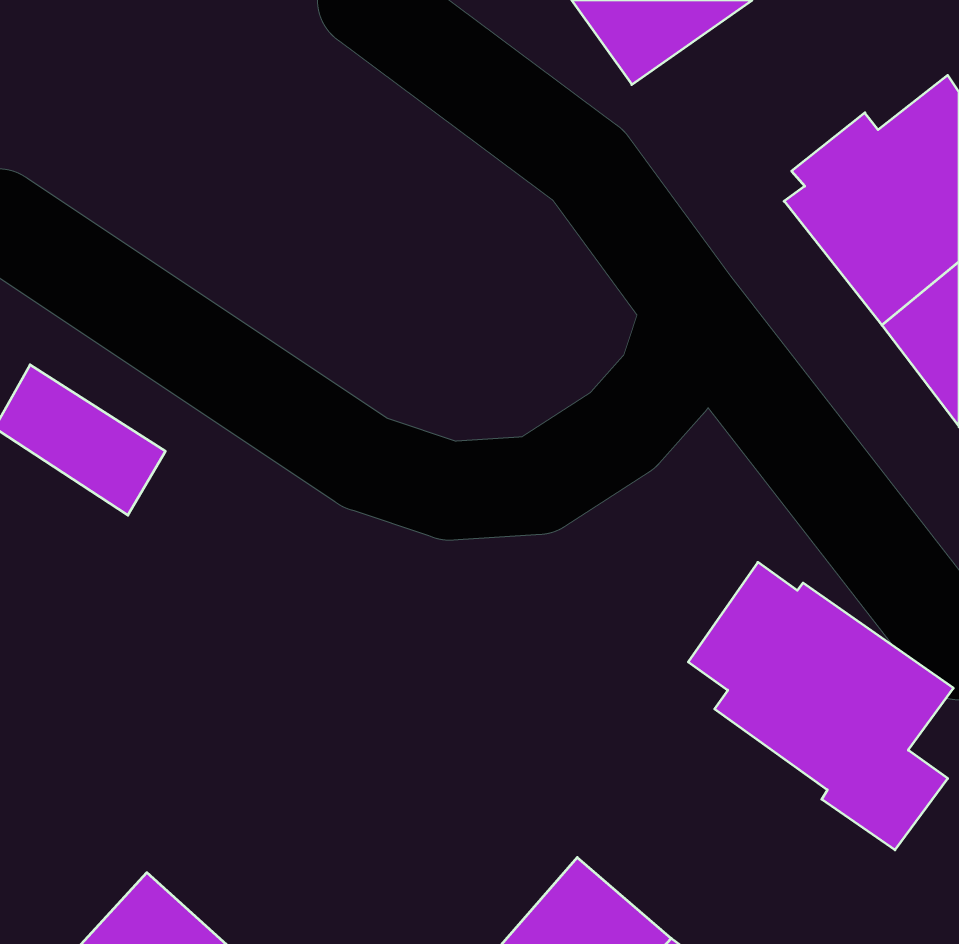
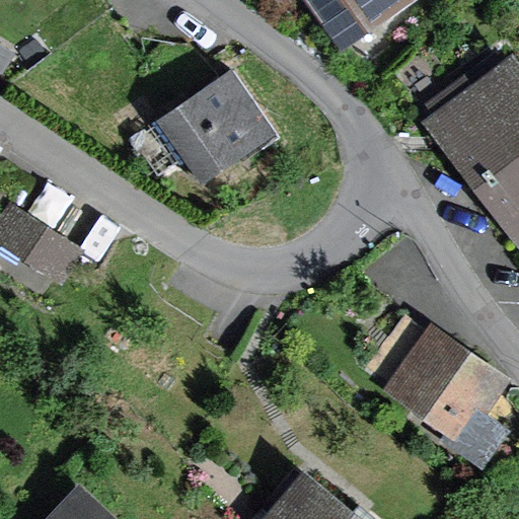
building: none -> [124,75,271,191]

